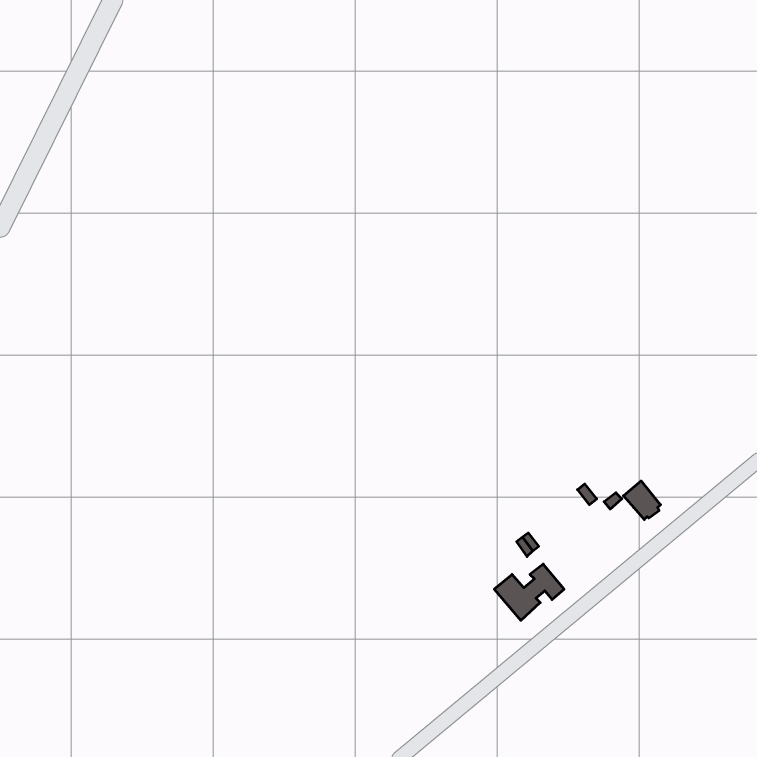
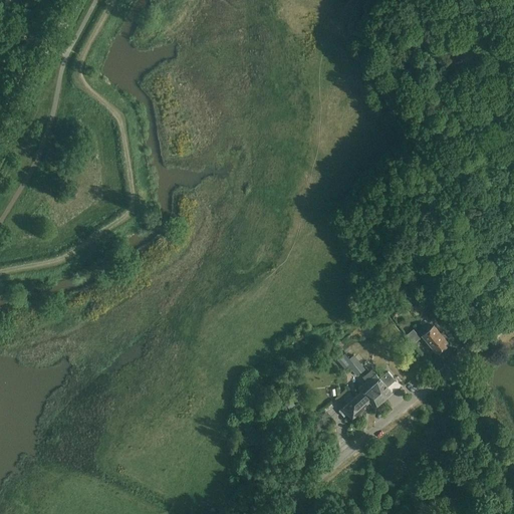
building: none -> [368,372,395,400]

